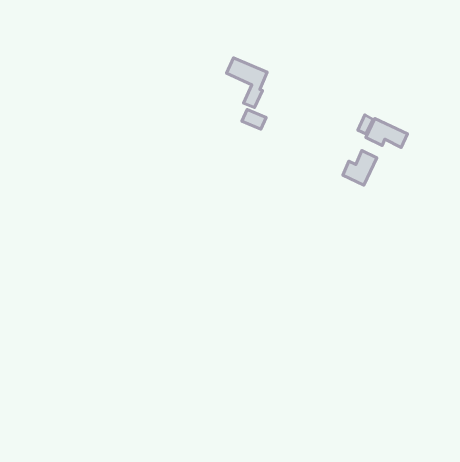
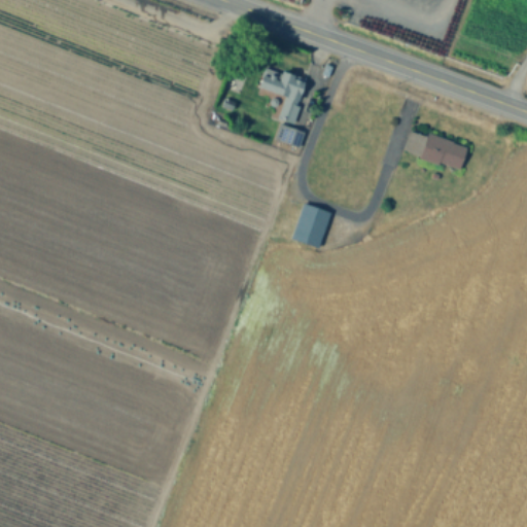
building: [343,151,377,185] -> none
building: none -> [294,204,331,246]

